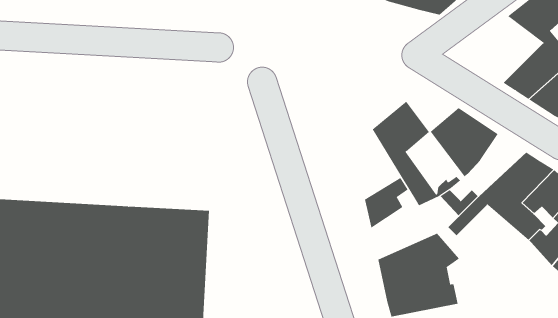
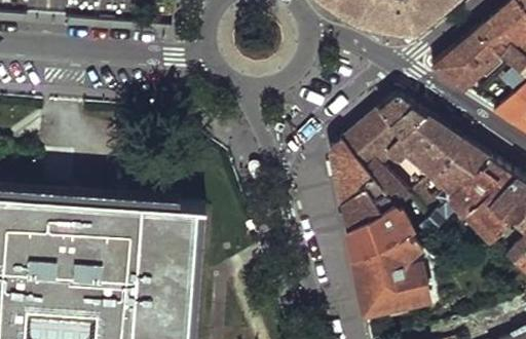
building: none -> [430,33,505,95]
building: none -> [379,97,427,140]
building: none -> [331,138,374,202]
building: none -> [437,142,490,195]
building: none -> [346,203,408,258]

